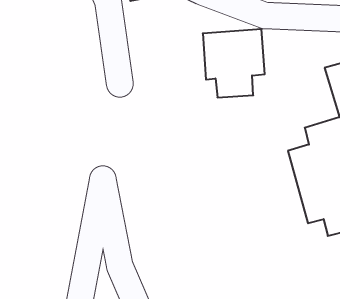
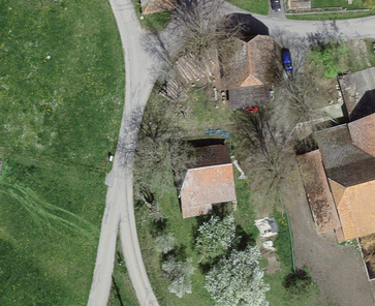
building: none -> [180,151,237,206]

